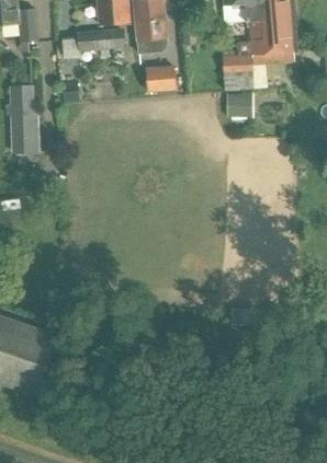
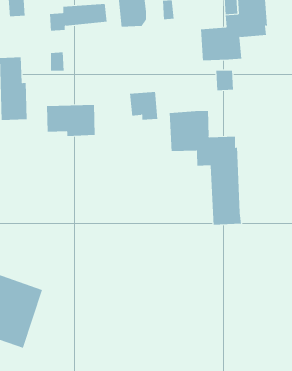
building: [144,65,174,95] -> [129,92,158,120]
building: none -> [46,104,95,137]
building: none -> [169,110,241,225]

